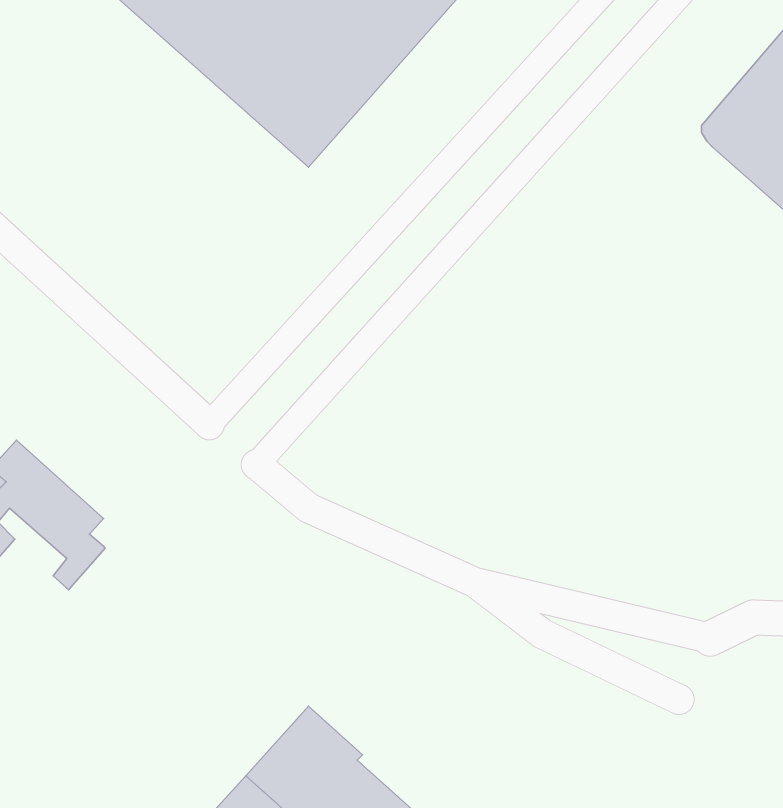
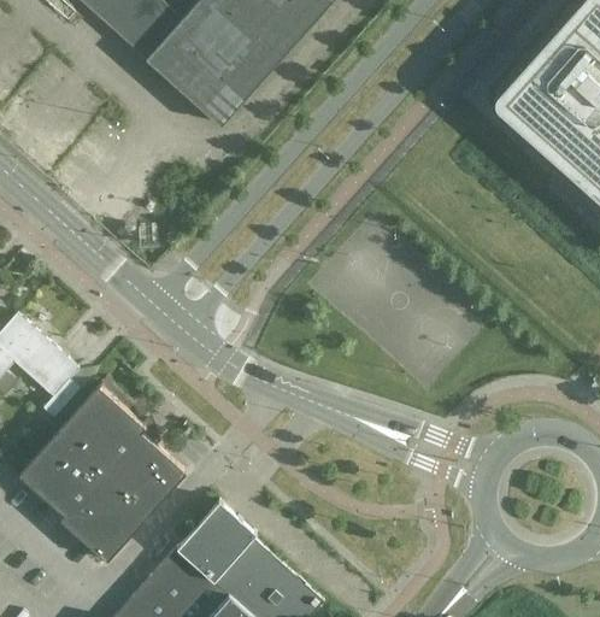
building: none -> [22,387,189,562]

